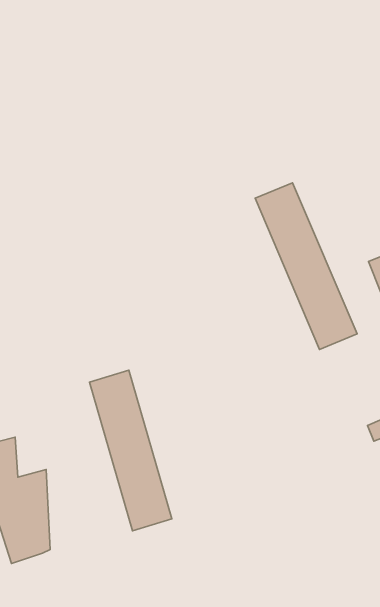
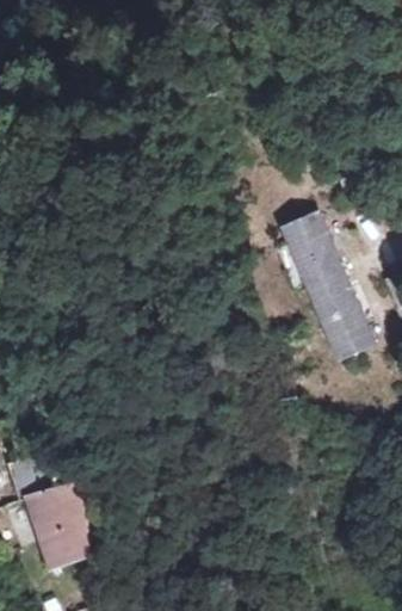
building: [89,370,172,531] -> none

